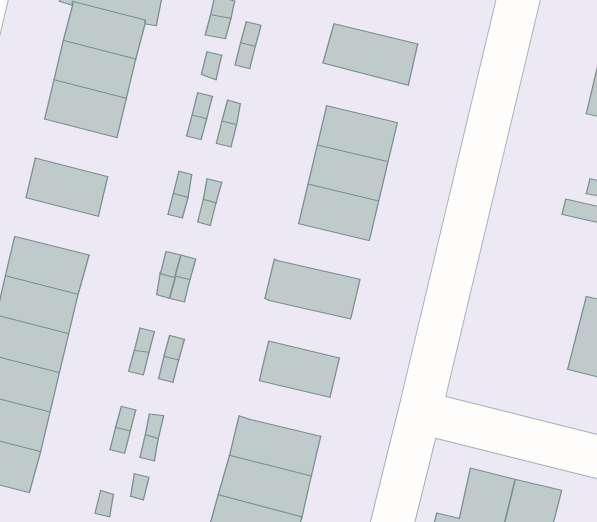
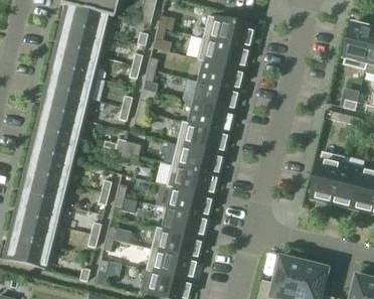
building: none -> [197,36,248,68]
building: none -> [47,66,91,98]
building: none -> [36,109,81,140]
building: none -> [178,121,227,153]
building: none -> [312,150,345,201]
building: none -> [168,164,217,195]
building: none -> [163,207,206,238]

